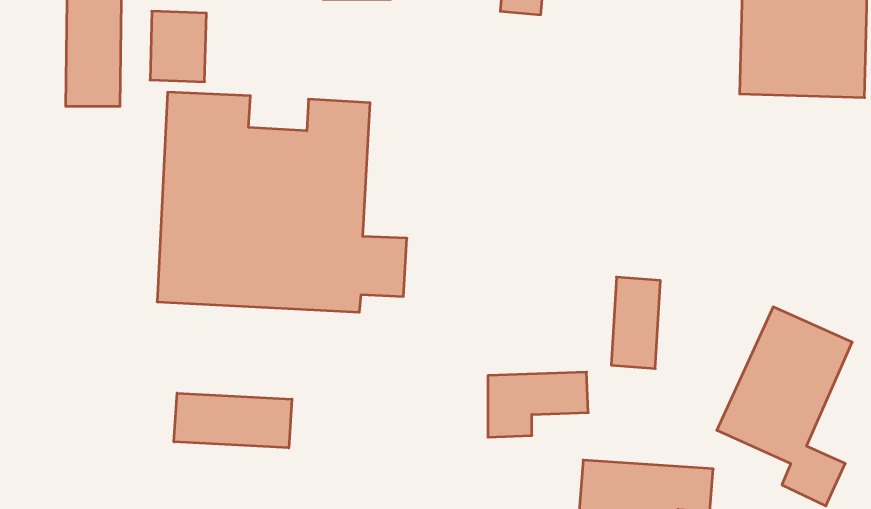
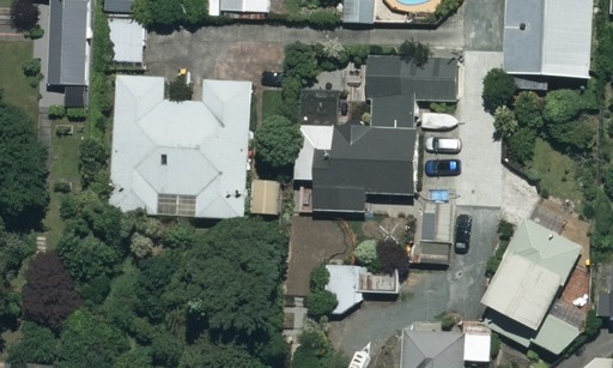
building: none -> [290,58,457,216]
building: [174,393,292,448] -> none

